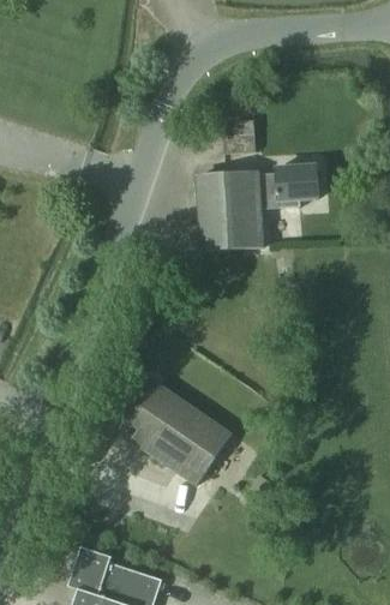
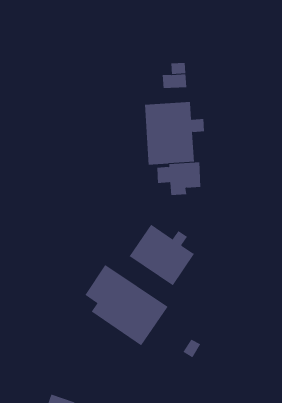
building: [259,164,317,208] -> [156,162,201,196]
building: none -> [129,224,195,286]

